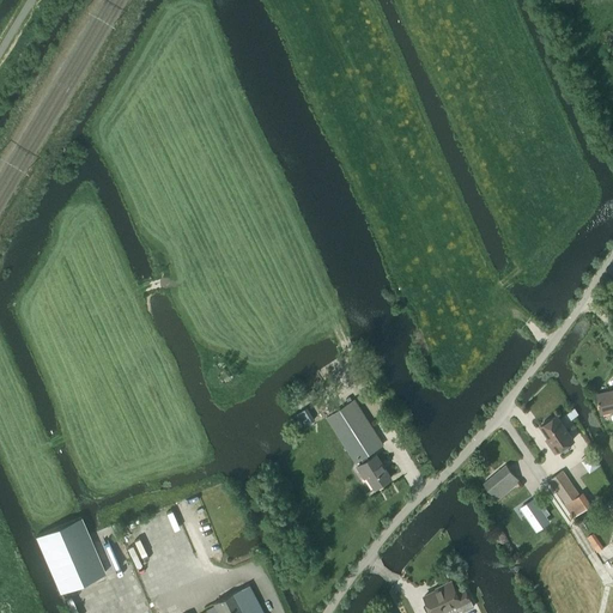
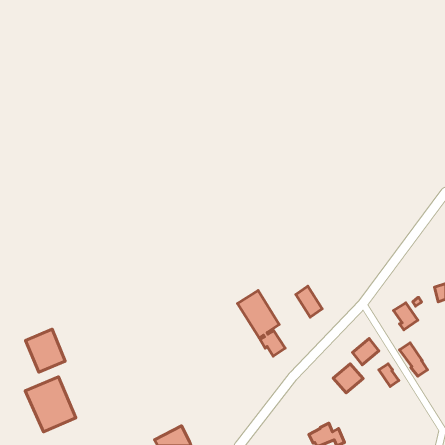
building: none -> [296,286,322,317]
building: none -> [26,329,65,372]
building: none -> [333,364,363,393]

